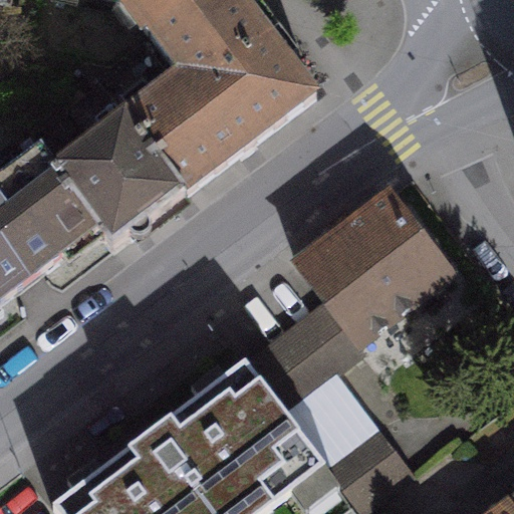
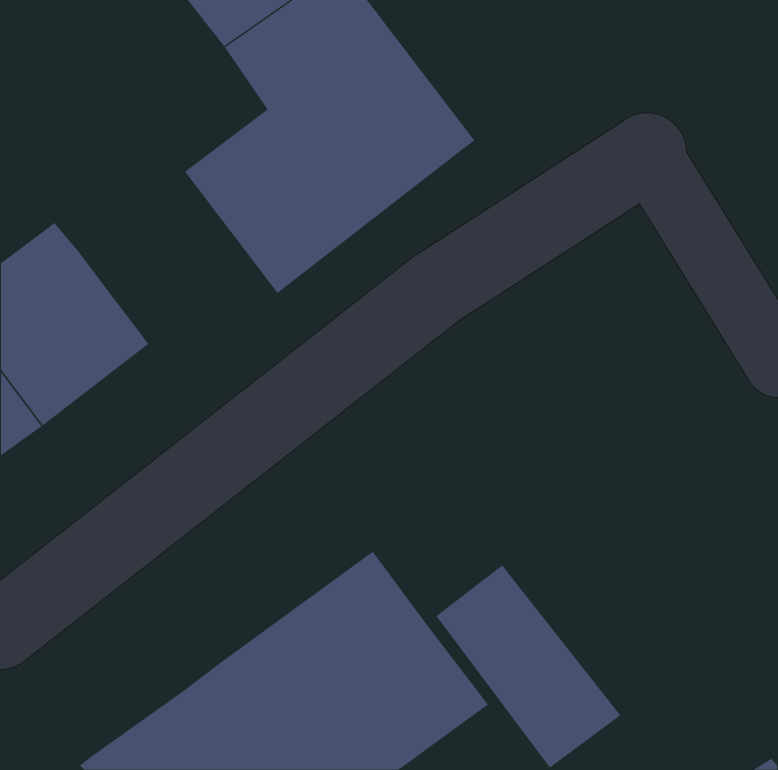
building: [52,81,183,247] -> none
building: [246,191,450,411] -> none

